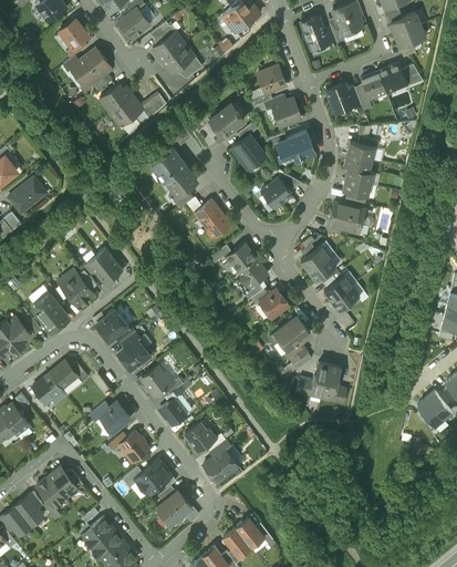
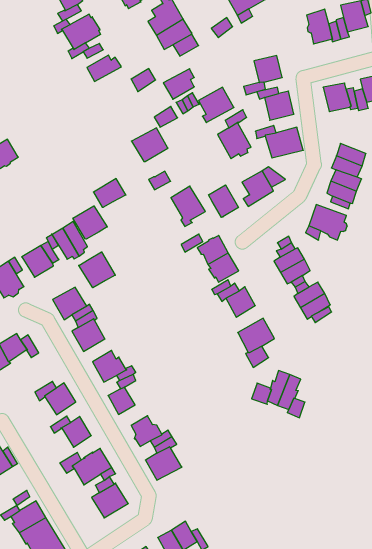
building: [108,95,138,126] -> [163,69,194,99]
building: [166,166,197,195] -> [93,179,126,207]
building: none -> [209,185,238,217]
building: none -> [73,206,107,239]
building: none -> [79,252,115,288]

